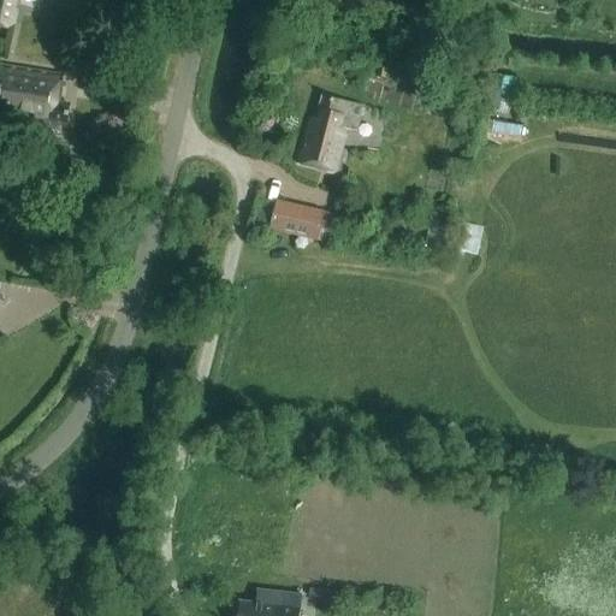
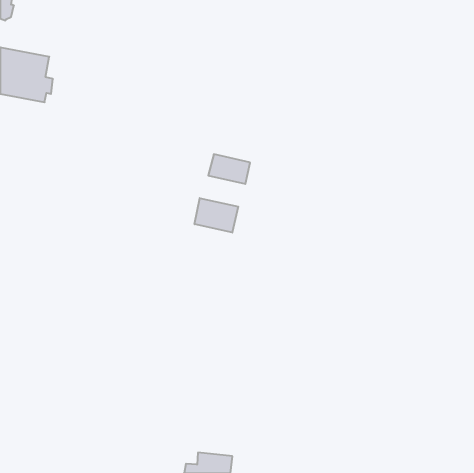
building: [297,95,363,172] -> none
building: none -> [195,198,238,233]

